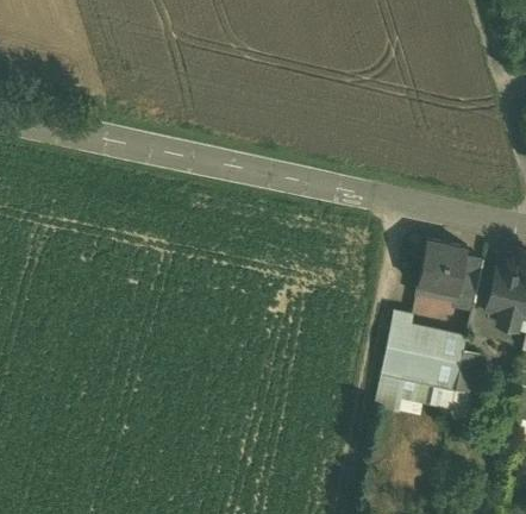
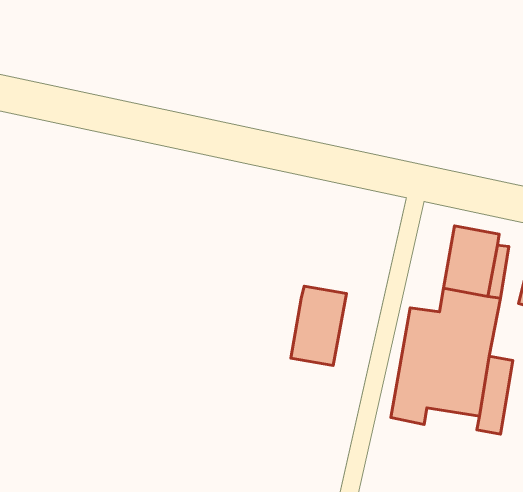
building: none -> [291,286,346,366]

